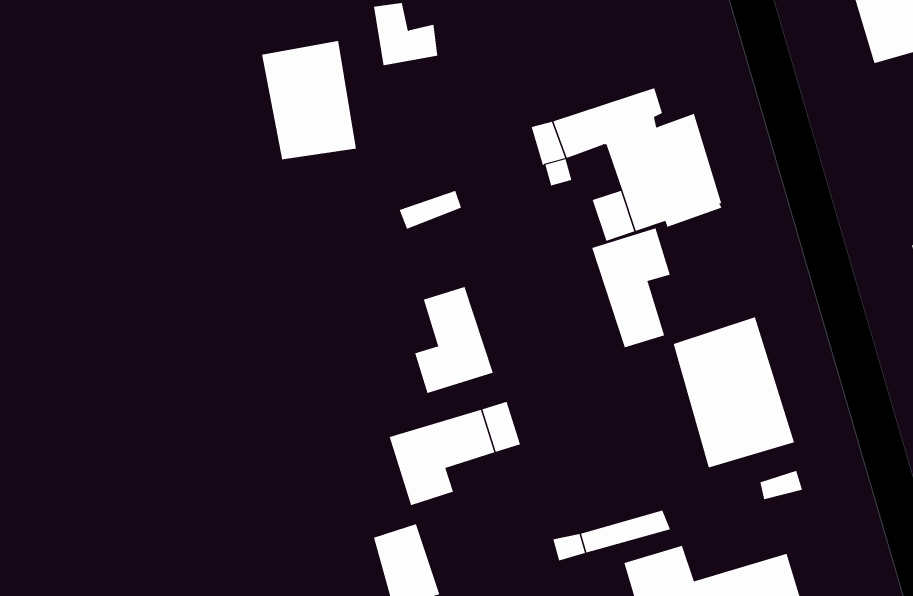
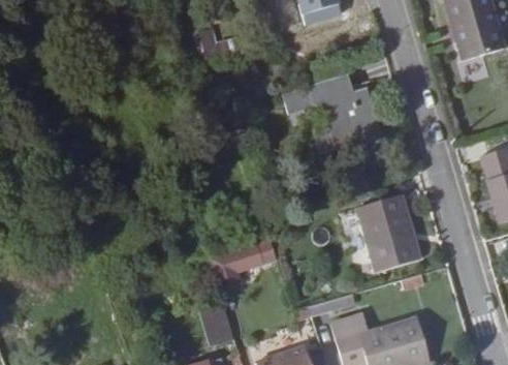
building: [262,40,356,160] -> none
building: [592,228,670,348] -> none
building: [415,286,494,394] -> none

